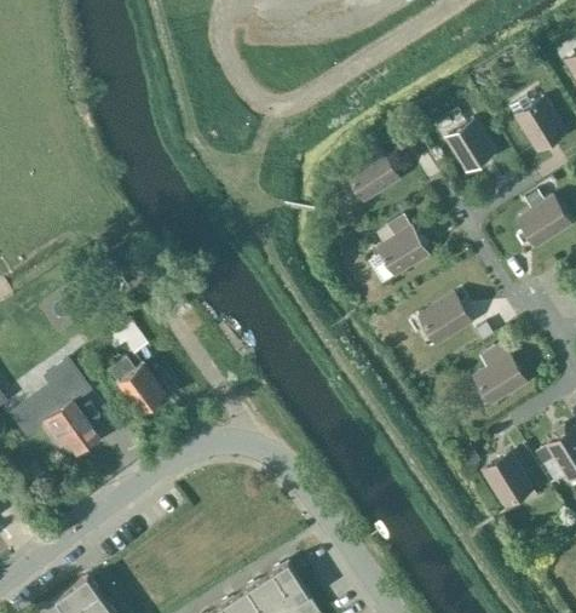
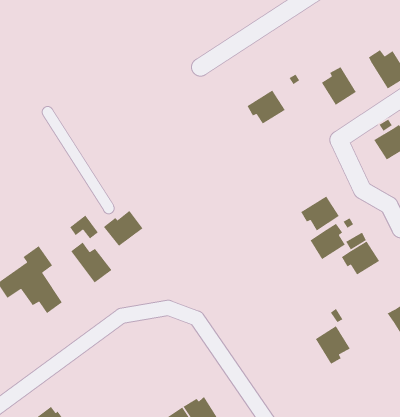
building: [370,216,430,285] -> none
building: none -> [103,210,144,247]
building: none -> [310,223,346,260]
building: [483,453,531,506] -> [315,325,351,365]

